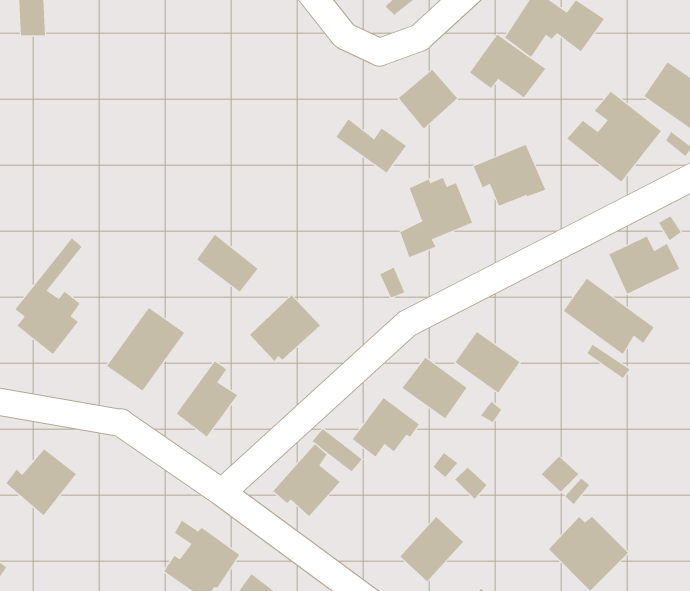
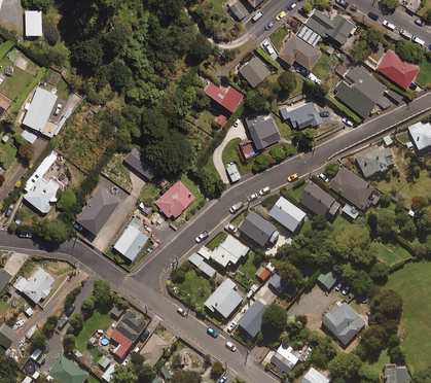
building: none -> [19,84,59,141]
building: none -> [298,185,334,219]
building: [273,443,340,517] -> [205,279,243,320]

